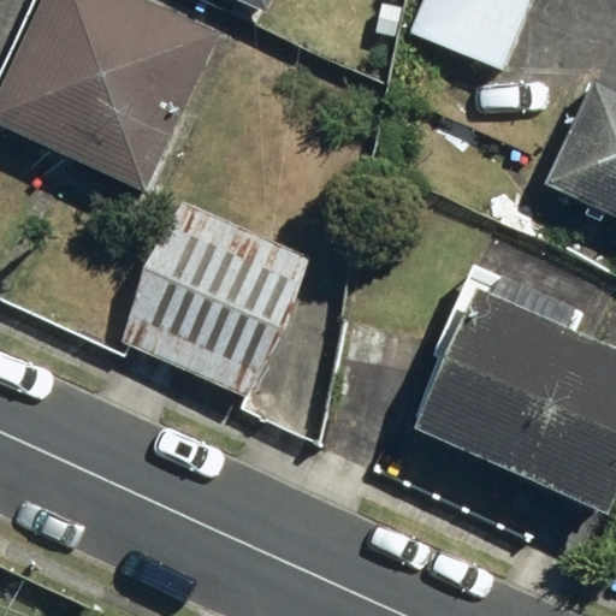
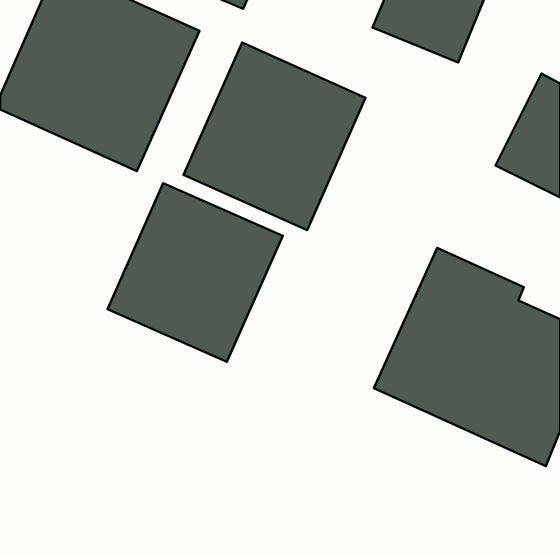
building: none -> [184,43,366,230]

